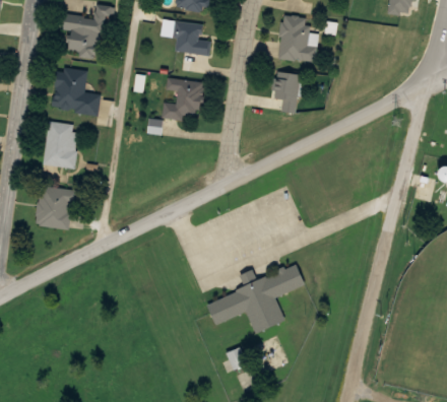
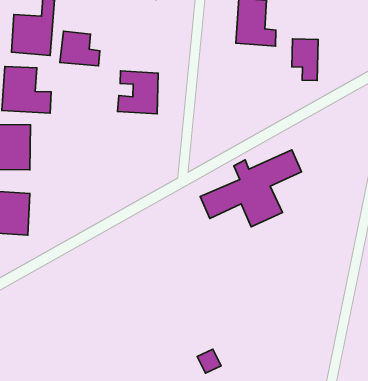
building: [171,21,209,56] -> [60,31,100,66]
building: [271,72,298,113] -> [292,39,318,80]
building: [207,263,305,334] -> [200,150,302,227]

